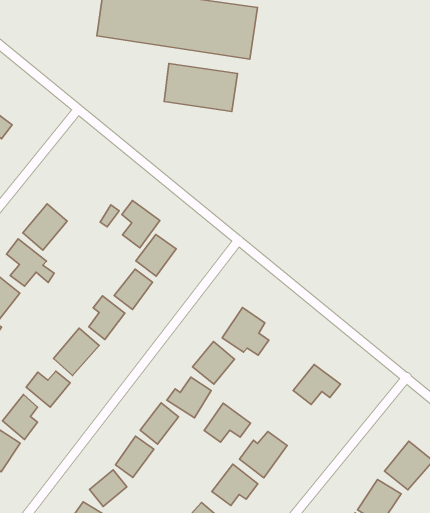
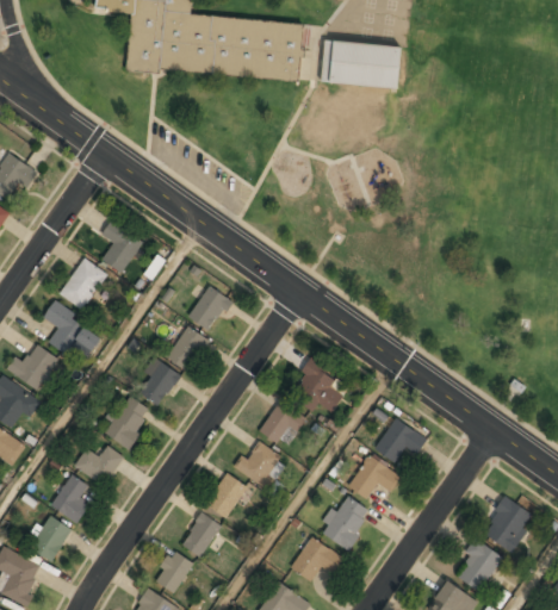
building: [164,64,238,112] -> [321,41,401,89]
building: [122,200,160,248] -> [100,219,143,272]
building: [204,403,251,442] -> [348,455,399,499]

